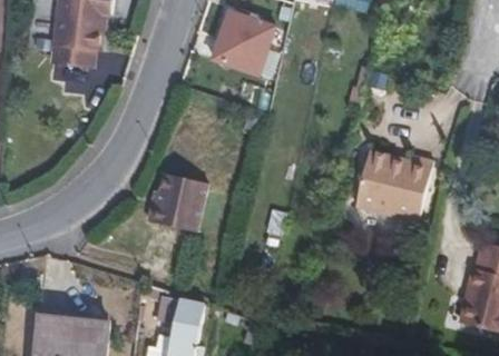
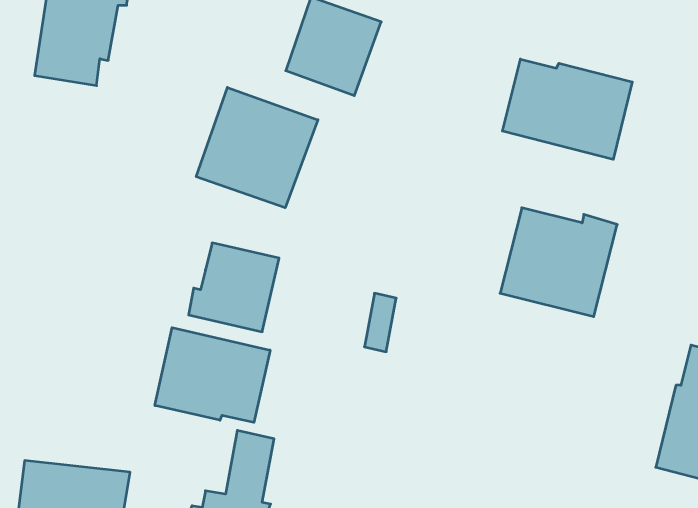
building: none -> [502,59,632,159]
building: none -> [196,87,318,208]
building: none -> [155,328,270,422]

